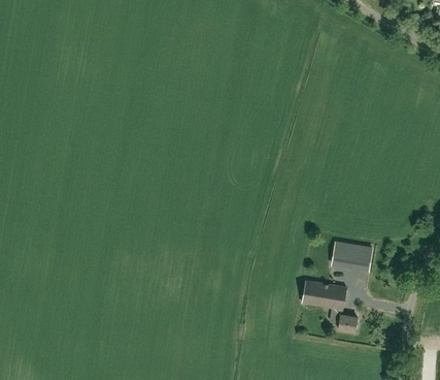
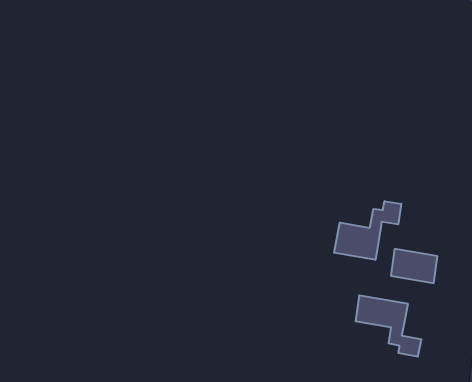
building: none -> [334,201,401,260]

